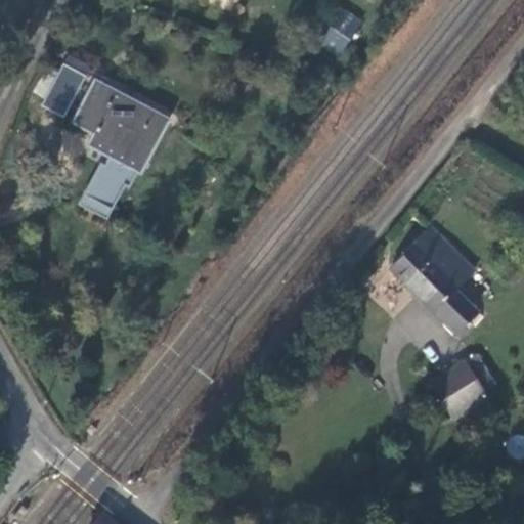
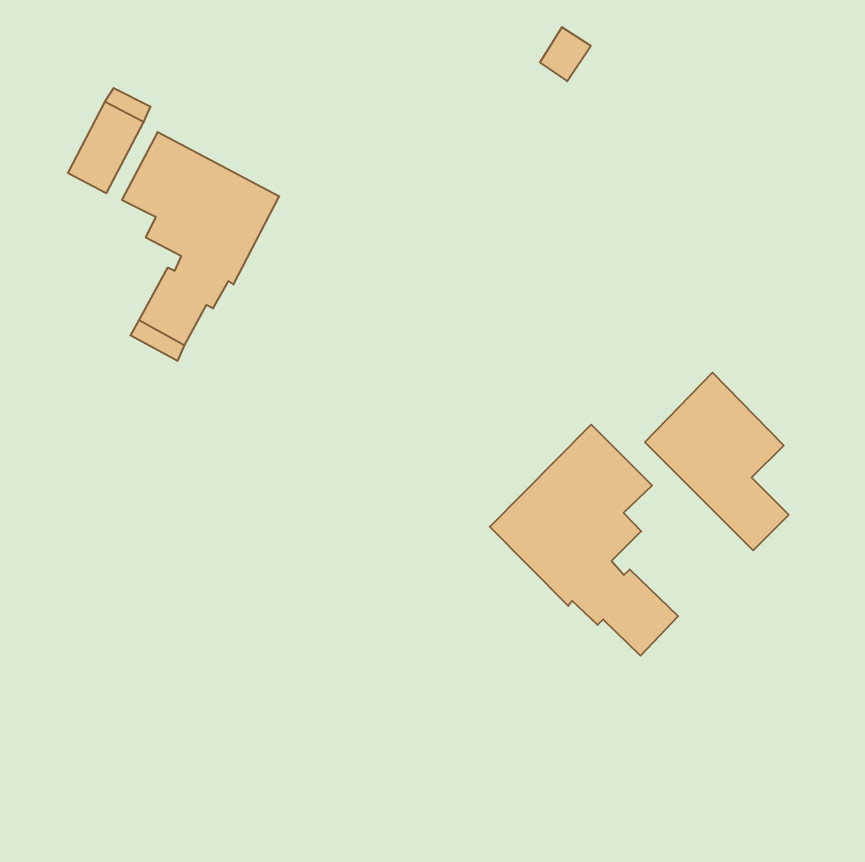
building: none -> [490,425,678,656]
building: [429,352,494,418] -> none

